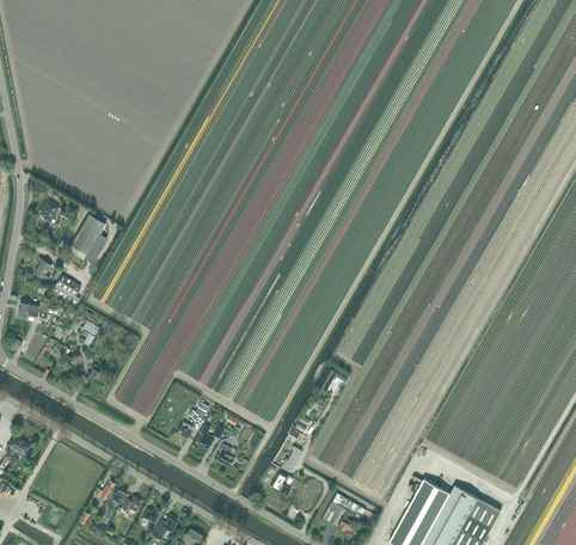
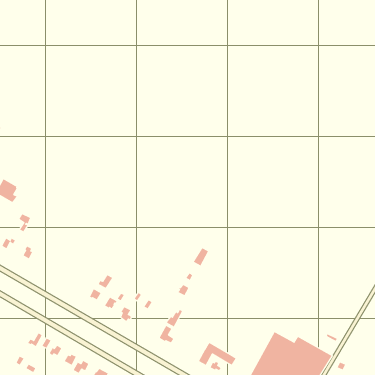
building: [69,215,106,264] -> none

